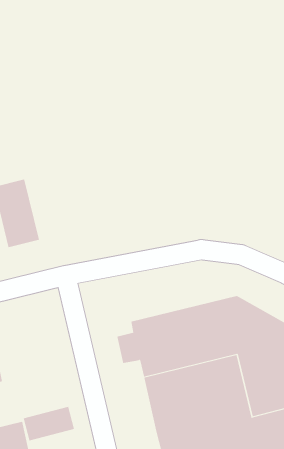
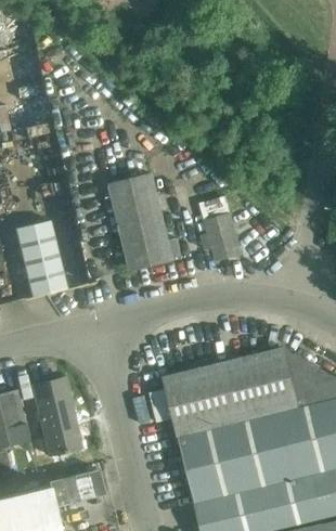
building: none -> [109,178,173,272]
building: none -> [199,197,241,262]
building: none -> [31,379,80,457]

